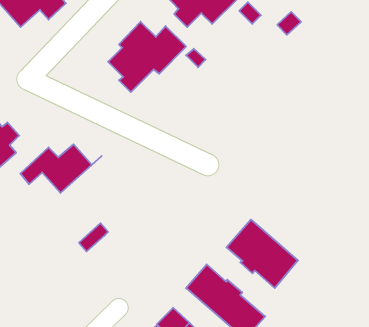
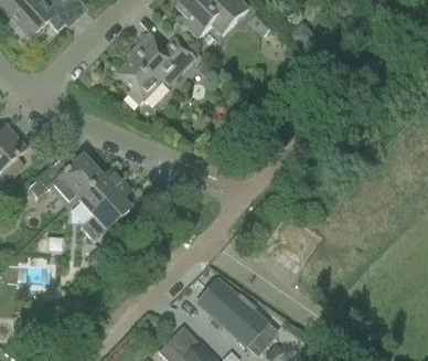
building: none -> [68,169,130,242]
building: [227,220,298,288] -> none

